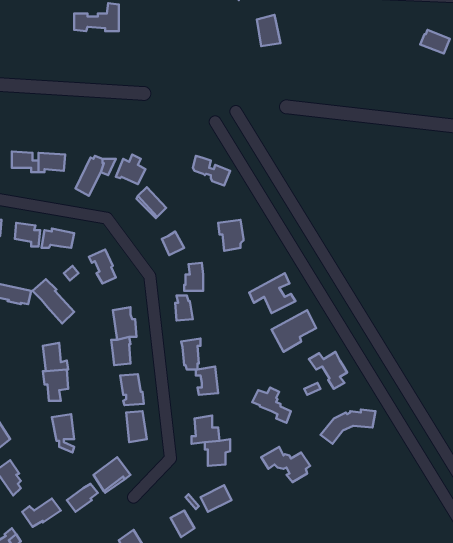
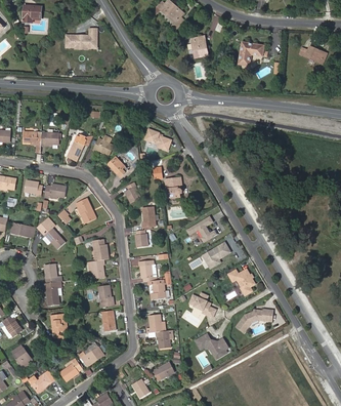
building: none -> [239,42,267,65]

